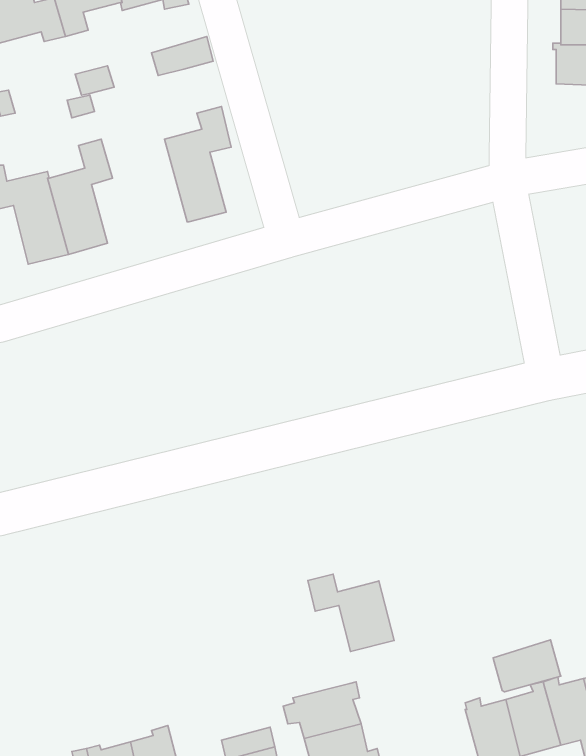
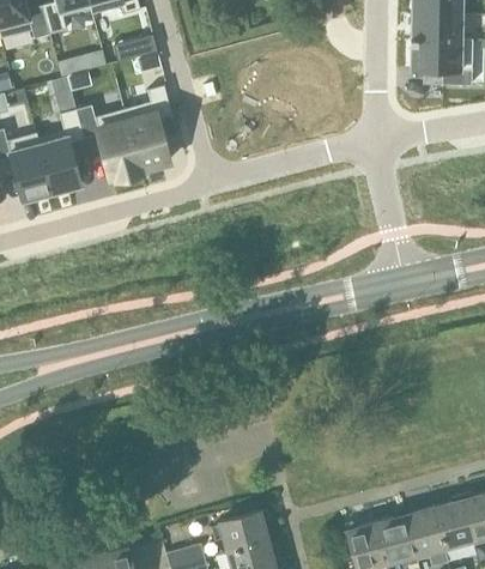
building: none -> [77,105,143,181]
building: [308,574,394,651] -> none
building: [493,640,561,692] -> none

